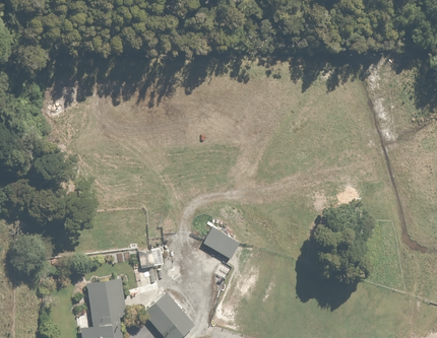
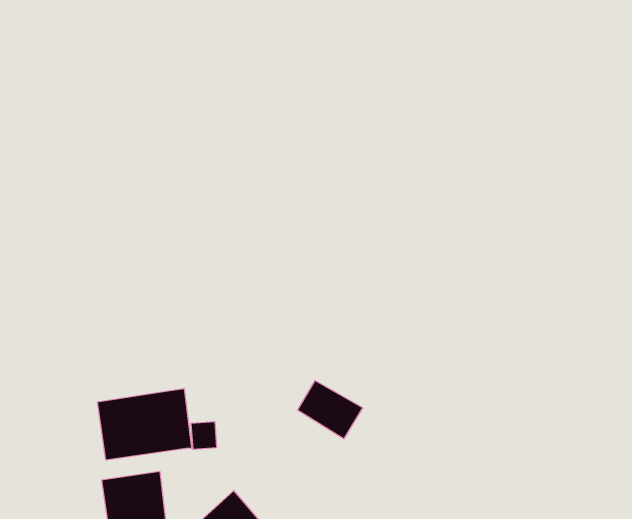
building: none -> [97,388,192,460]

